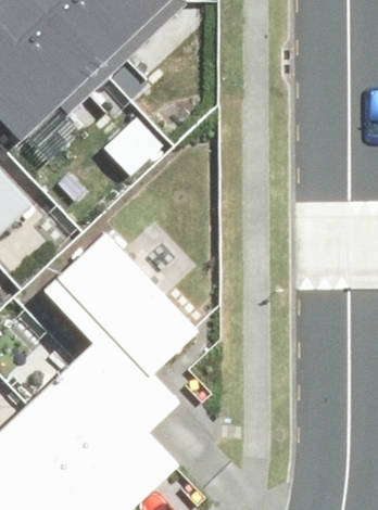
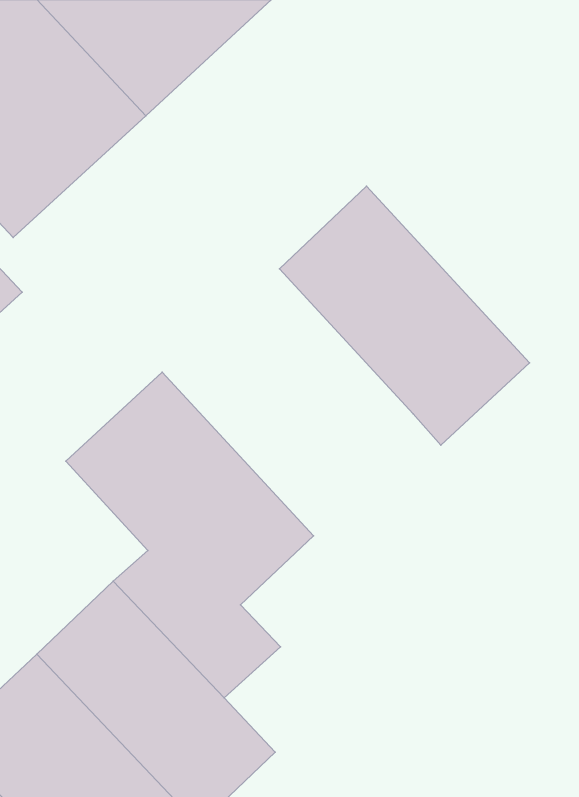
building: none -> [280,186,530,445]

